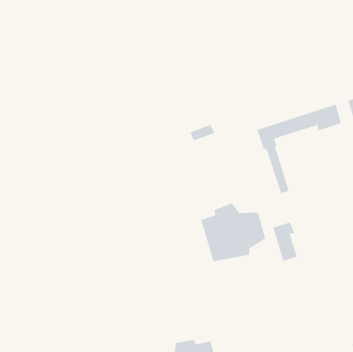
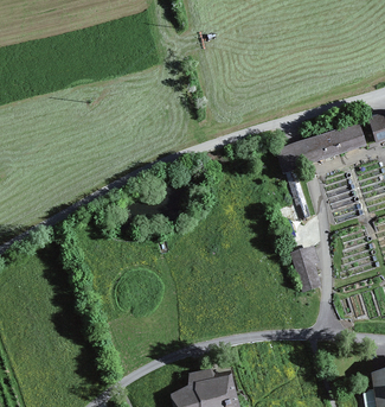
building: [200,202,266,262] -> none

